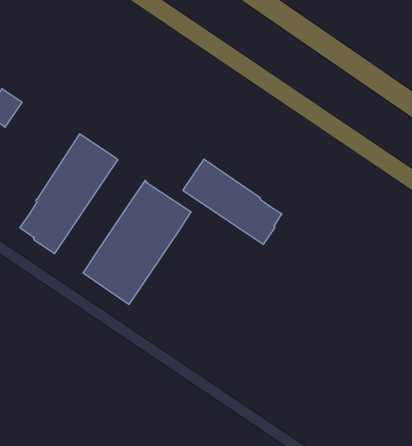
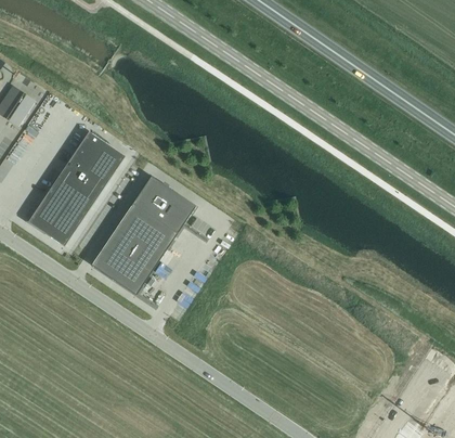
building: [183,159,282,244] -> none

